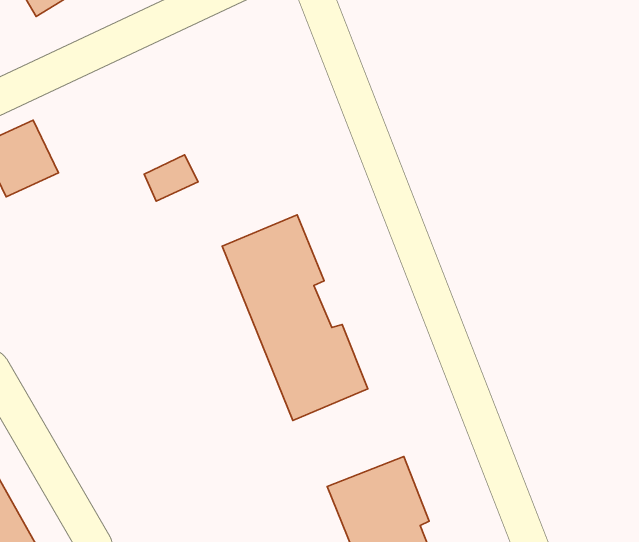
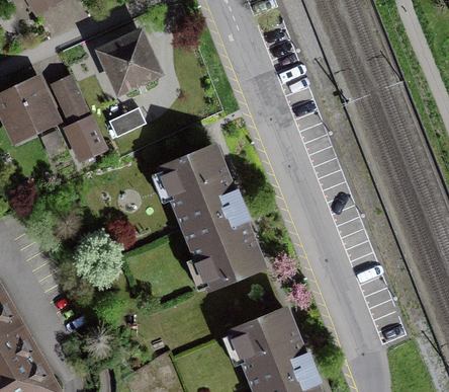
building: none -> [100,35,155,93]
building: none -> [52,79,102,159]

